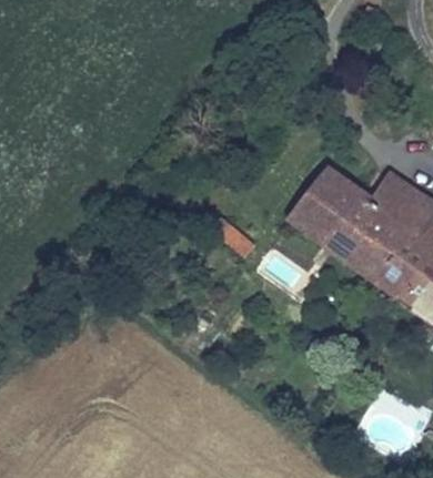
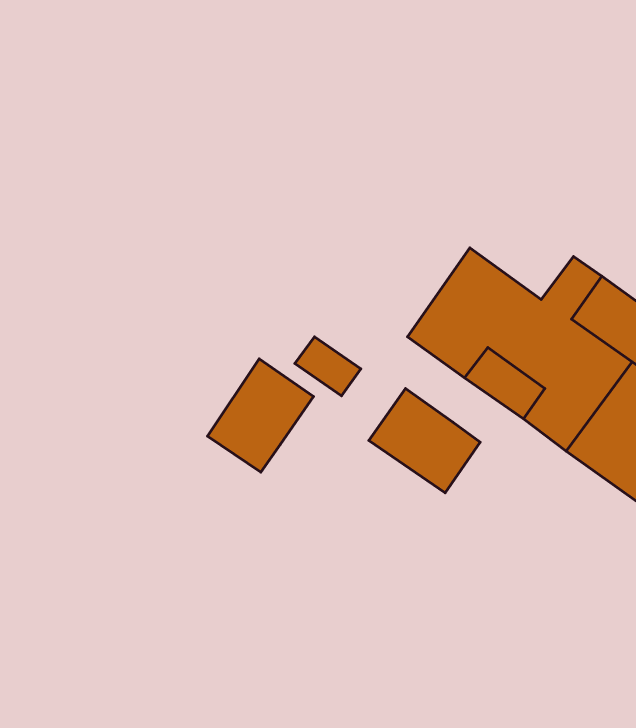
building: none -> [207,359,314,472]
building: none -> [369,389,480,493]

